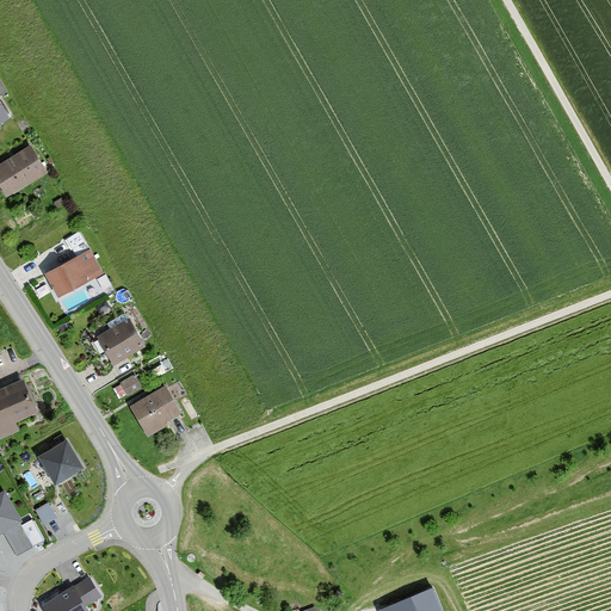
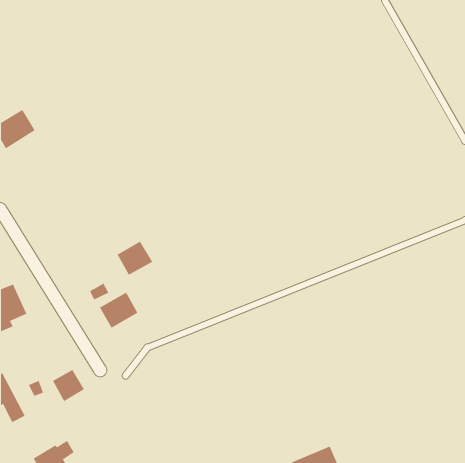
building: [45,249,103,297] -> none
building: [98,320,146,365] -> [117,241,153,275]
building: [39,439,82,482] -> [52,369,85,402]

